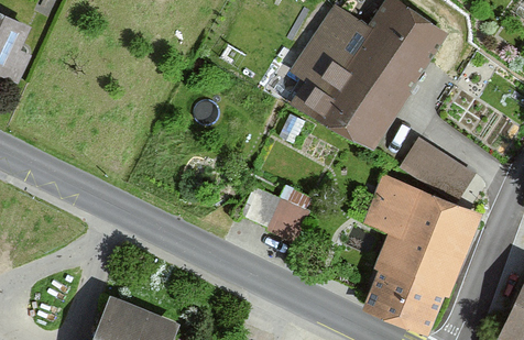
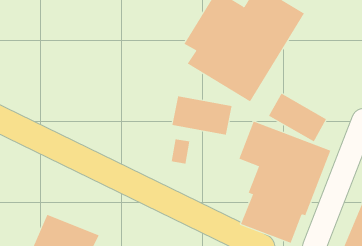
building: none -> [172,95,232,136]

